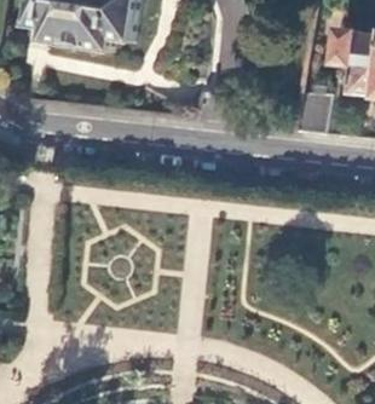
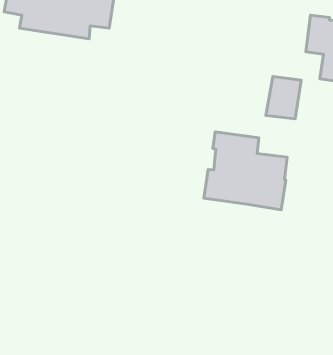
building: none -> [204,132,287,210]

